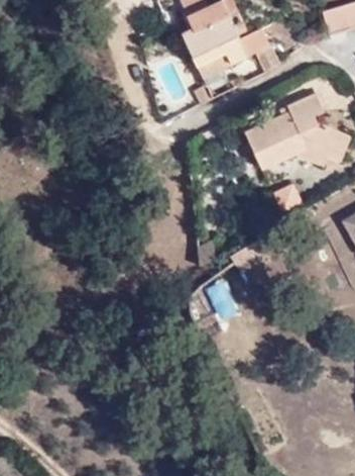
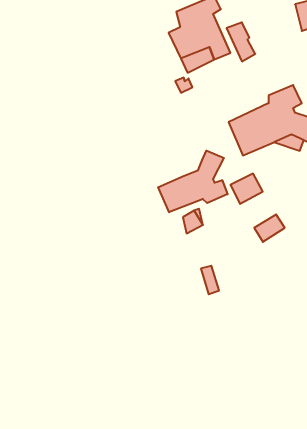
building: none -> [158,151,228,212]

